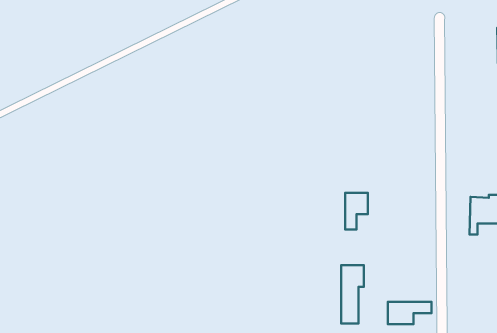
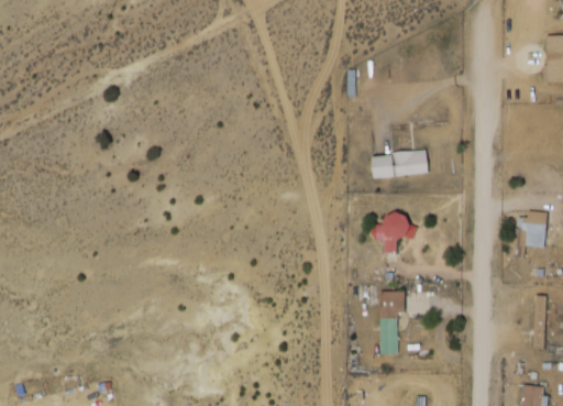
building: none -> [371,150,429,178]
building: [388,302,432,324] -> none

